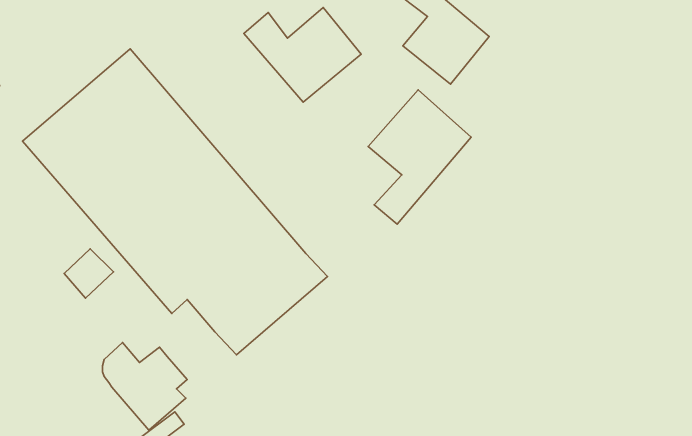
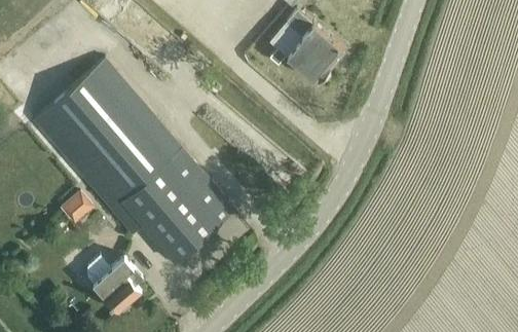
building: [244,8,361,102] -> none
building: [368,90,471,224] -> none

